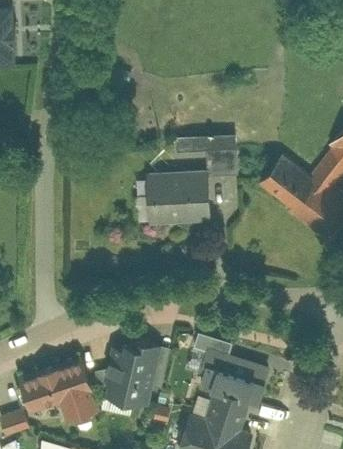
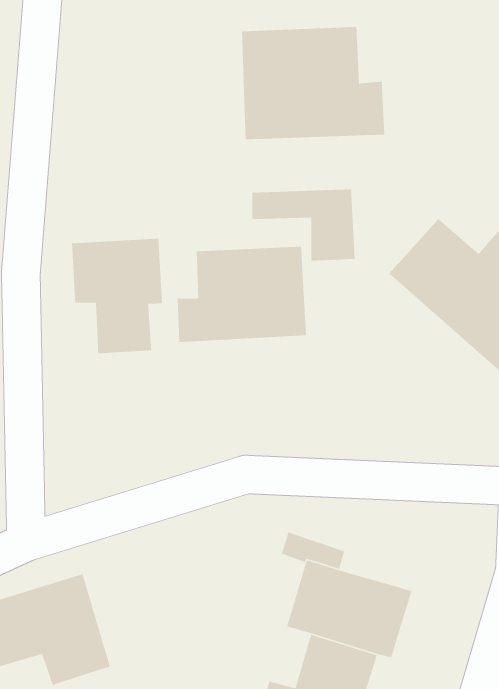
building: none -> [241,26,385,140]
building: none -> [71,238,163,354]
building: [101,339,162,407] -> none

